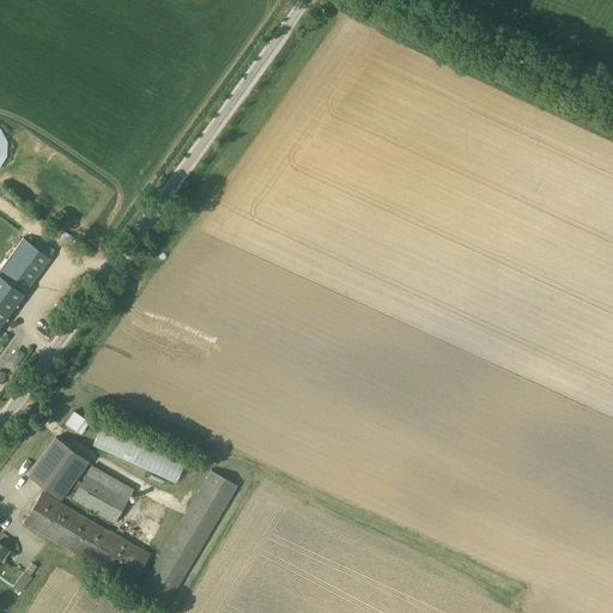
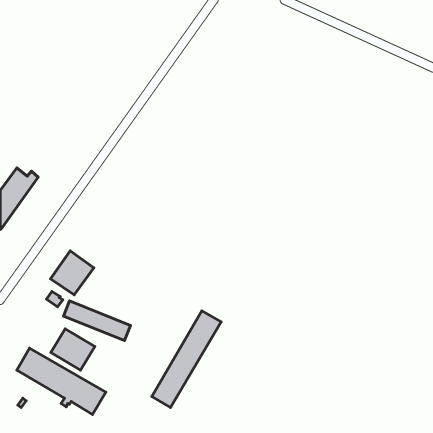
building: [28,437,89,499] -> [51,251,94,295]
building: [139,471,237,607] -> [152,311,221,408]

